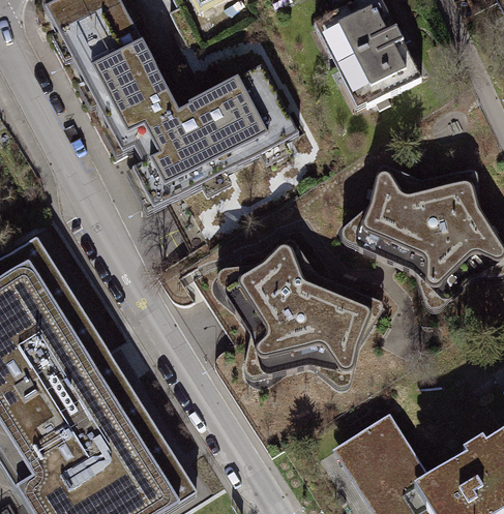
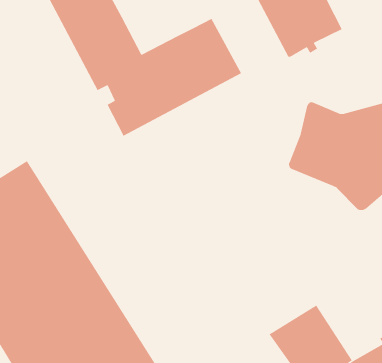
building: [224,238,383,374] -> none

